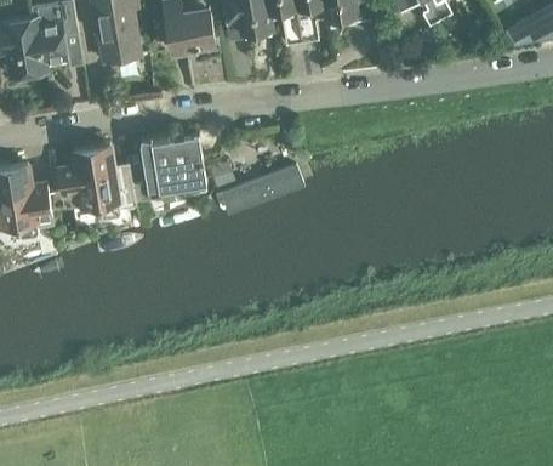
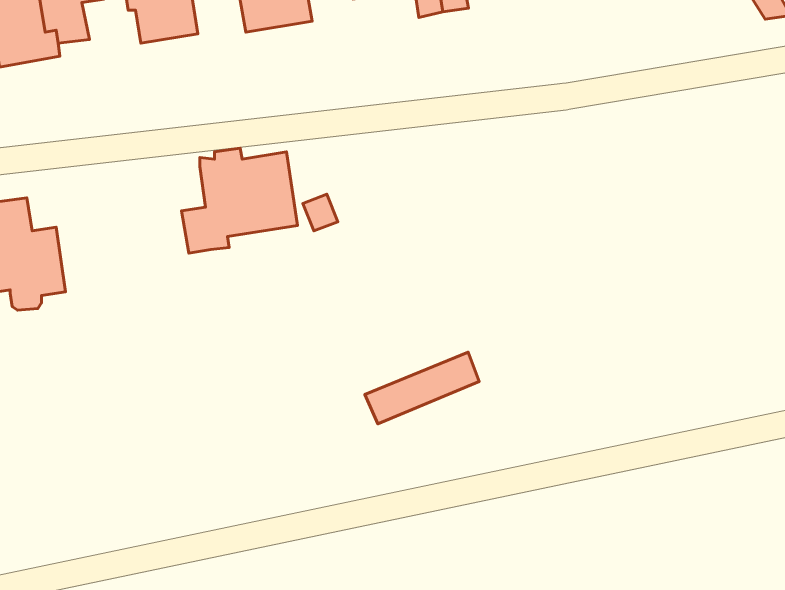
building: [58,148,136,222] -> none
building: [226,163,301,210] -> [365,352,479,424]

